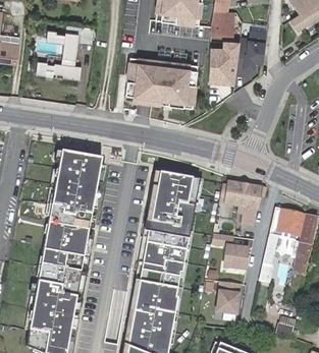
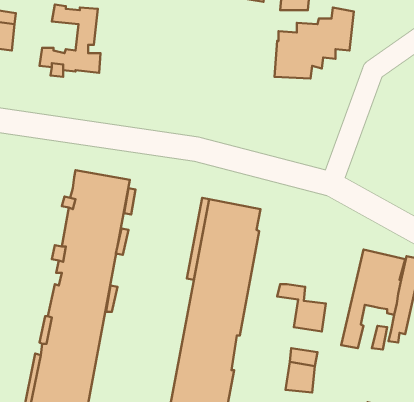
building: [126,61,198,106] -> none
building: [218,181,261,226] -> none

